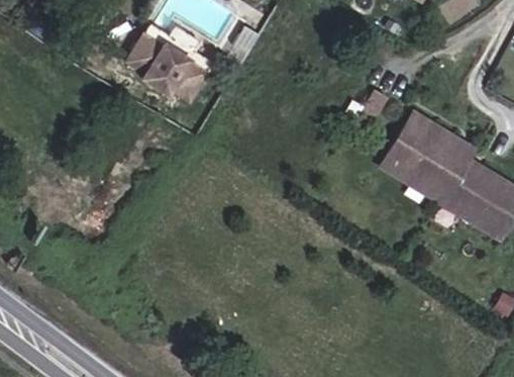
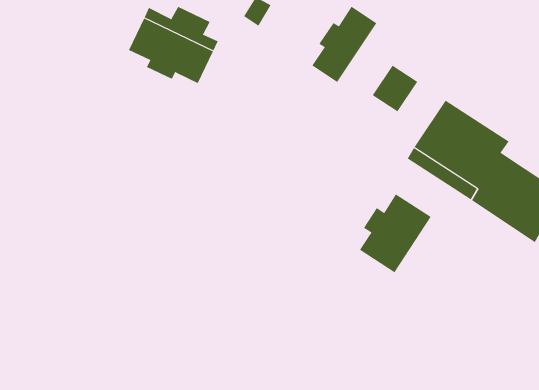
building: none -> [312,6,377,83]
building: none -> [359,193,431,273]

